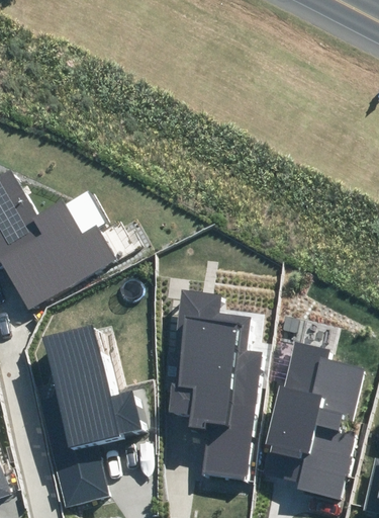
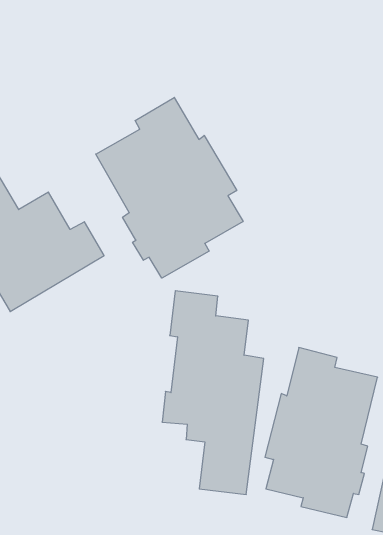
building: none -> [96,97,243,278]
building: [42,325,143,507] -> none

